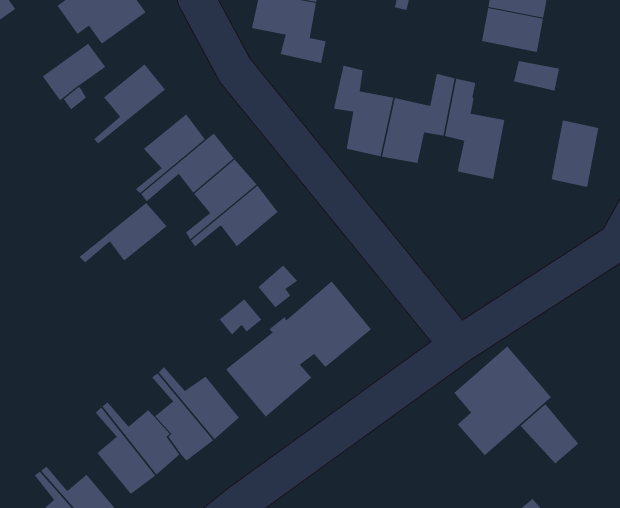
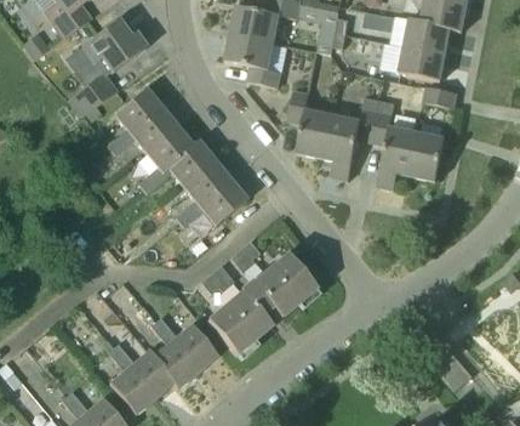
building: [551,120,599,187] -> [408,131,445,182]
building: [79,202,167,263] -> [110,108,177,154]
building: [453,345,552,456] -> none

